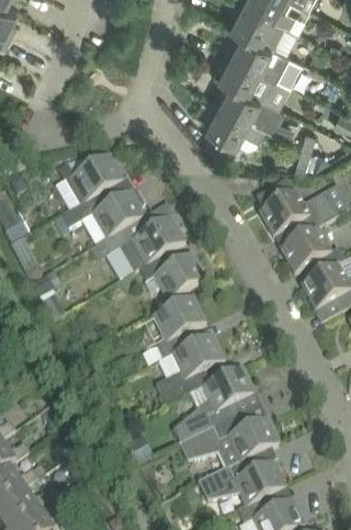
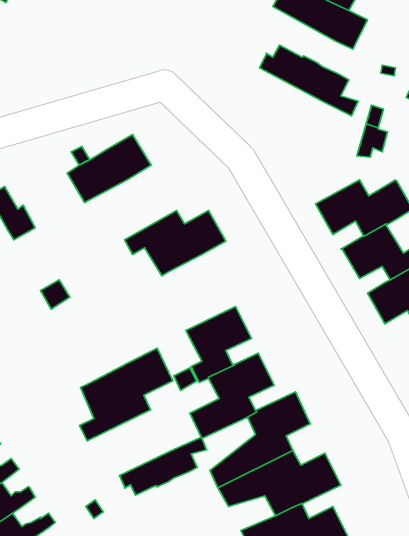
building: [219,46,276,95] -> none
building: [205,97,265,153] -> none
building: [63,188,146,241] -> none
building: [139,250,207,298] -> none
building: none -> [79,348,173,441]
building: none -> [119,437,206,495]

